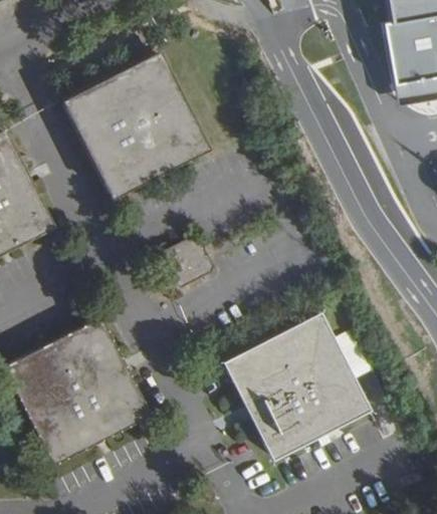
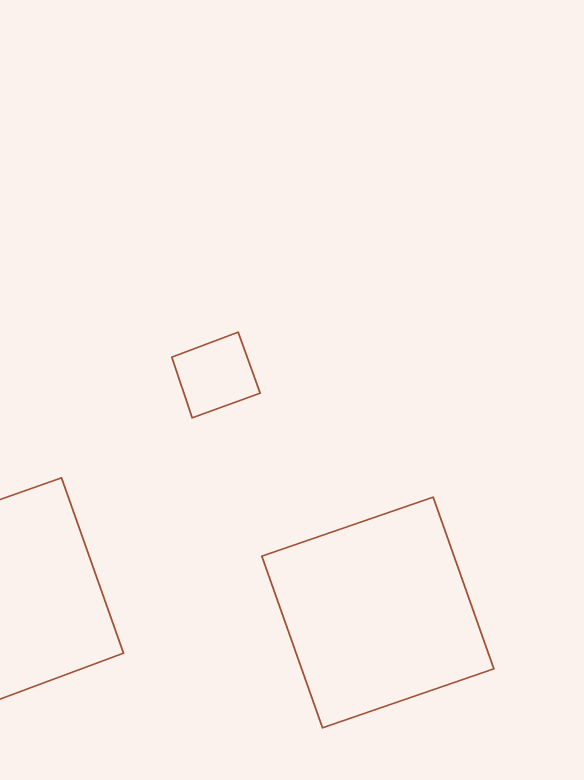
building: [60,51,205,195] -> none

